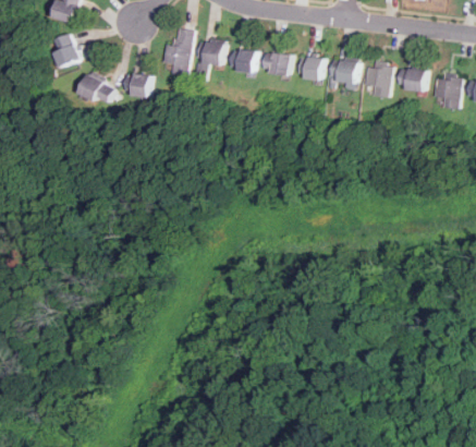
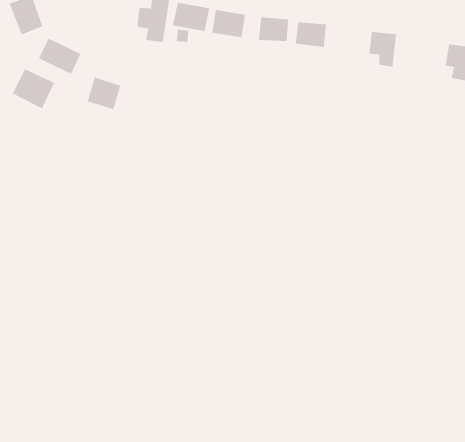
building: [335,60,364,83] -> none
building: [120,69,150,98] -> [87,77,121,110]
building: [404,70,427,92] -> none
building: none -> [12,69,55,109]

